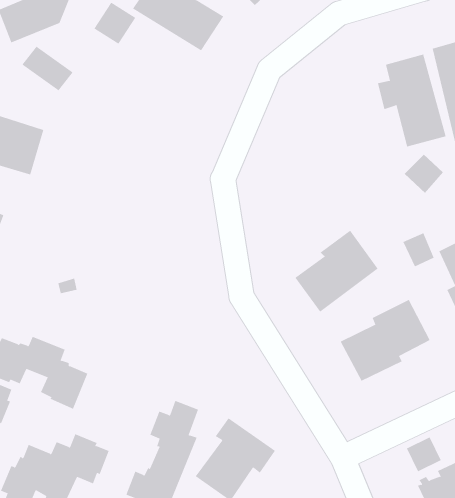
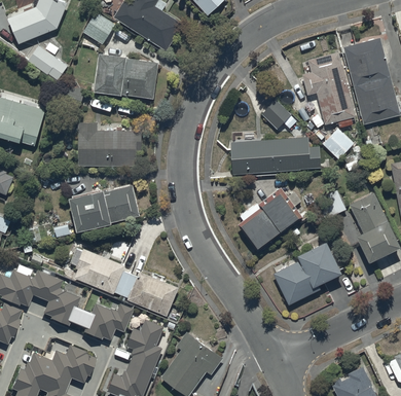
building: none -> [94,53,157,98]
building: none -> [261,99,291,129]
building: none -> [78,121,141,166]
building: none -> [229,136,320,174]
building: none -> [69,184,140,230]
building: none -> [74,248,124,294]
building: none -> [126,271,178,316]
building: none -> [81,303,132,340]
building: [406,437,441,472] -> none

